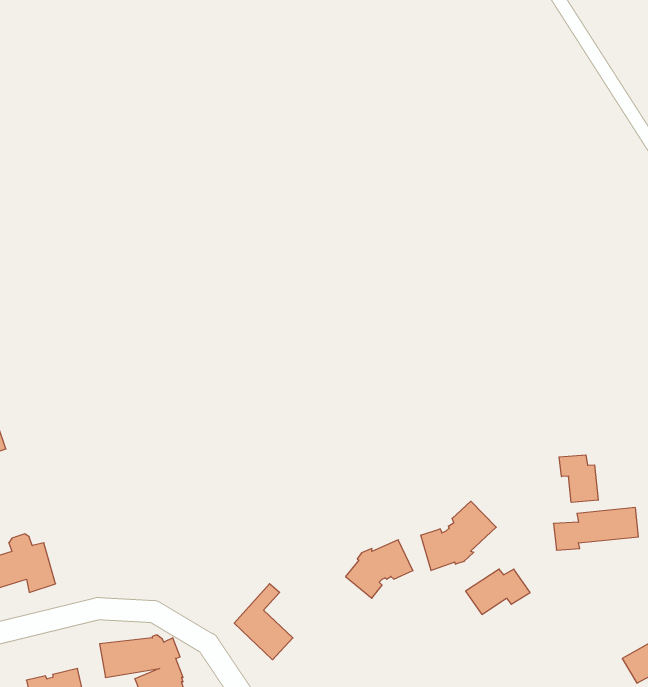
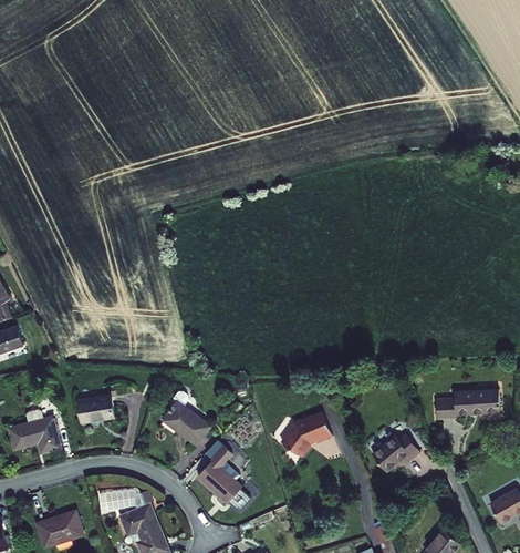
building: [559,455,598,502] -> none
building: [421,501,496,571] -> none
building: none -> [77,397,115,421]
building: none -> [163,401,209,446]

